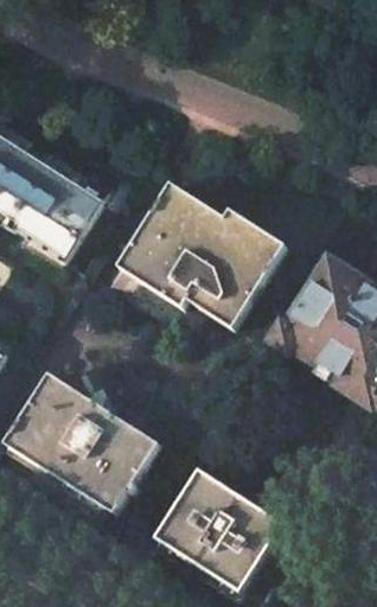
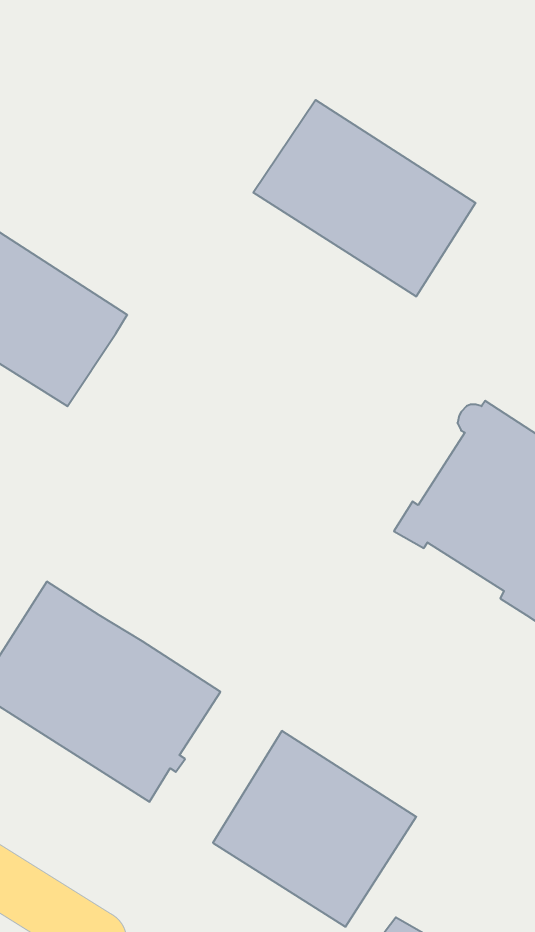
building: none -> [253,100,475,297]
building: [116,193,277,327] -> none

